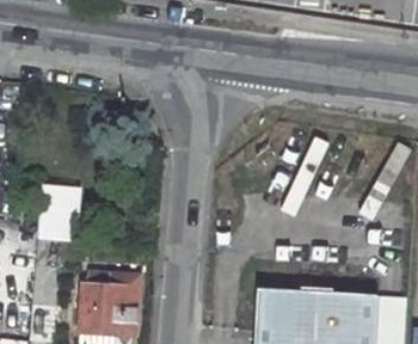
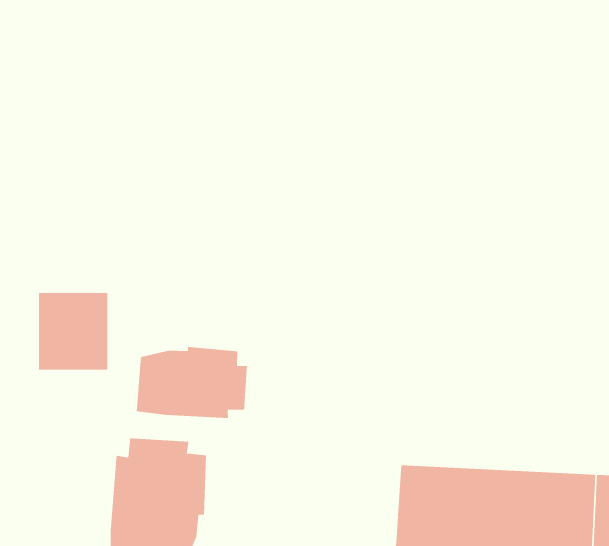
building: none -> [136,346,247,419]

